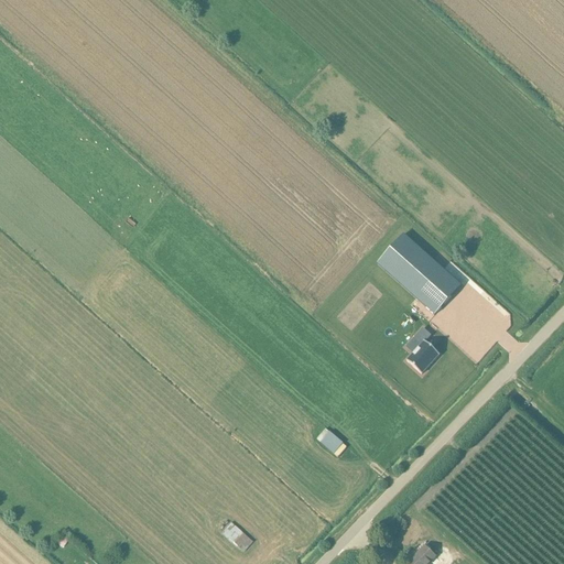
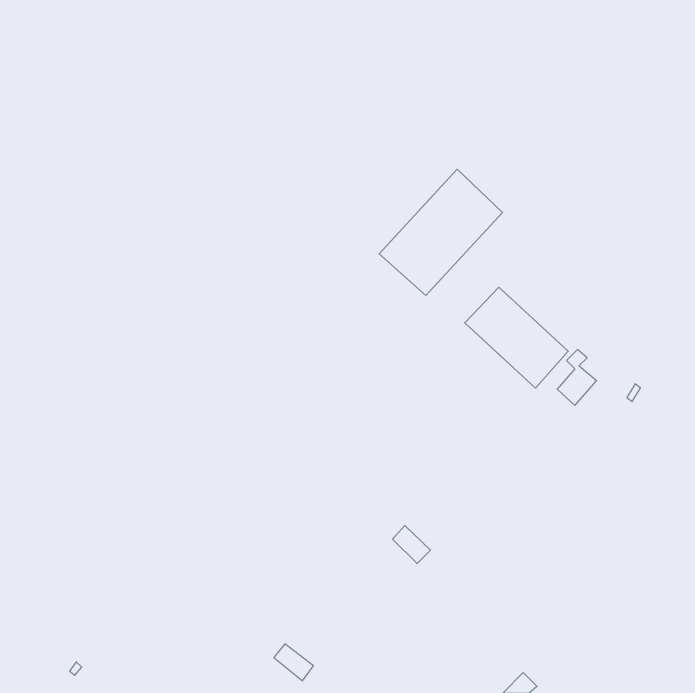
building: none -> [379,169,503,295]
building: [405,327,437,372] -> [557,350,597,405]

